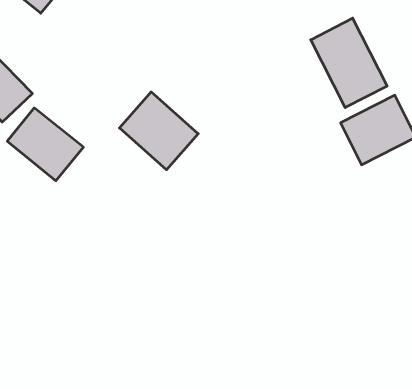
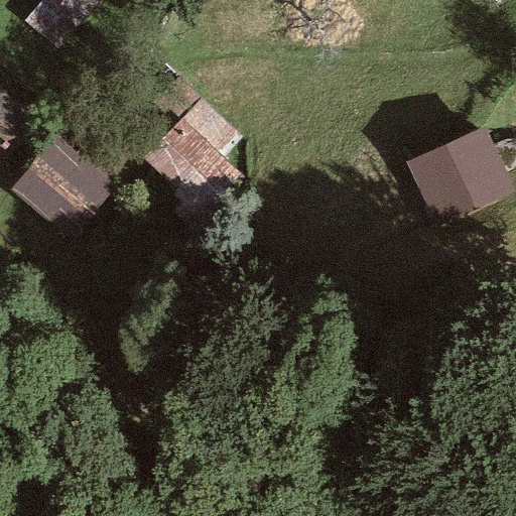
building: [311,18,387,108] -> none

